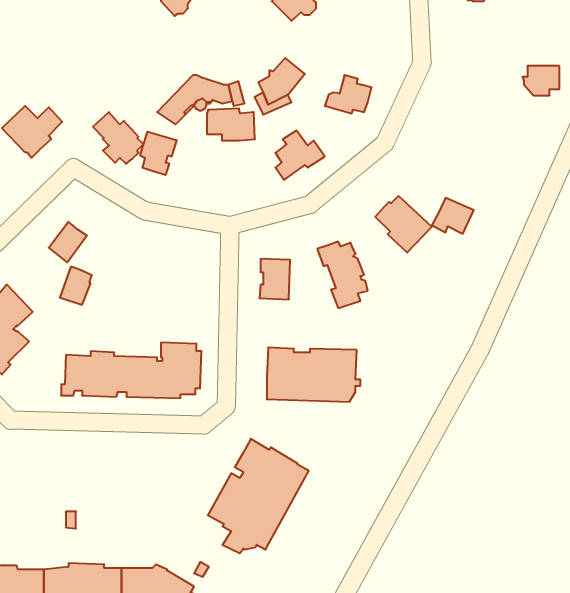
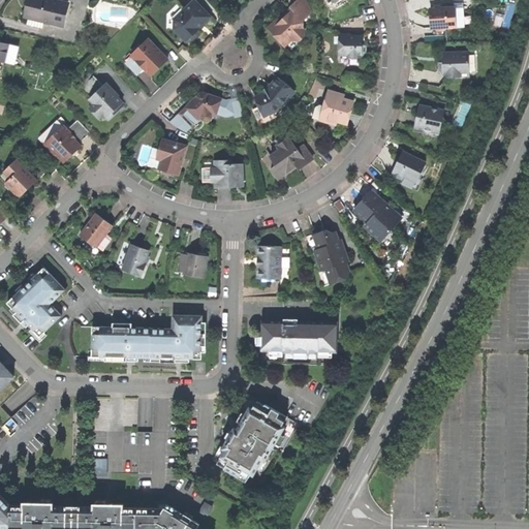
building: none -> [338,33,364,65]
building: none -> [125,39,167,75]
building: [522,66,559,95] -> [437,53,468,77]
building: none -> [413,104,443,133]
building: [207,108,255,140] -> [203,160,243,187]
building: [93,112,143,164] -> [81,74,123,118]
building: [432,198,474,234] -> [390,152,425,182]
building: [60,267,92,305] -> [122,244,149,276]
building: none -> [184,253,208,277]

